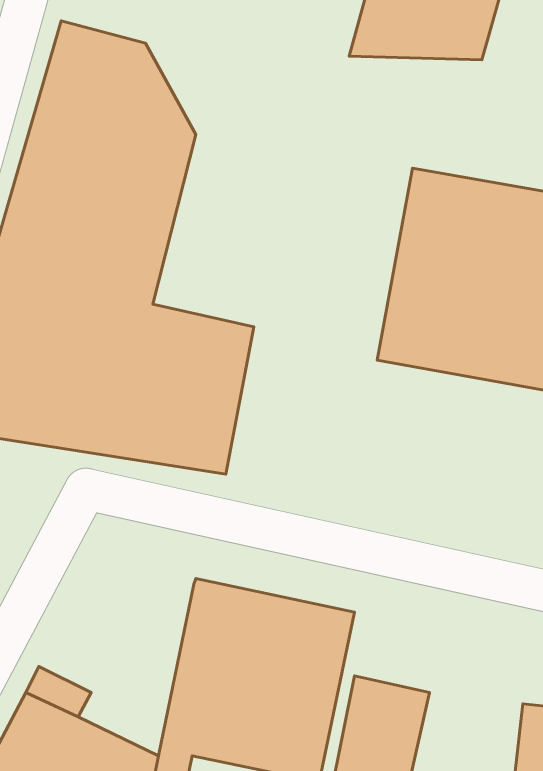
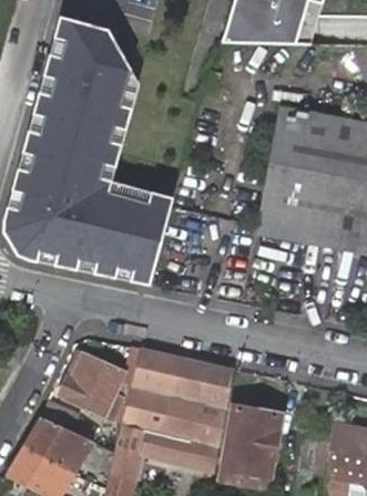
building: none -> [60,353,123,414]

